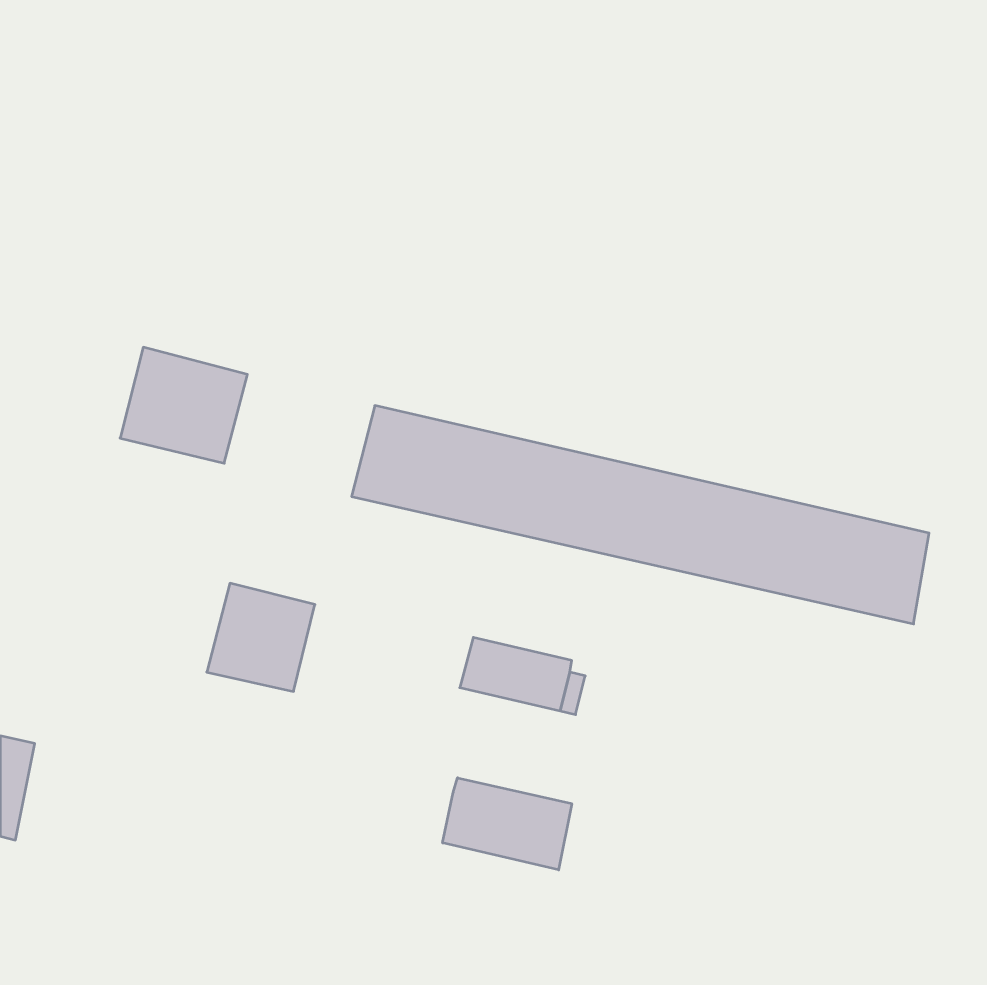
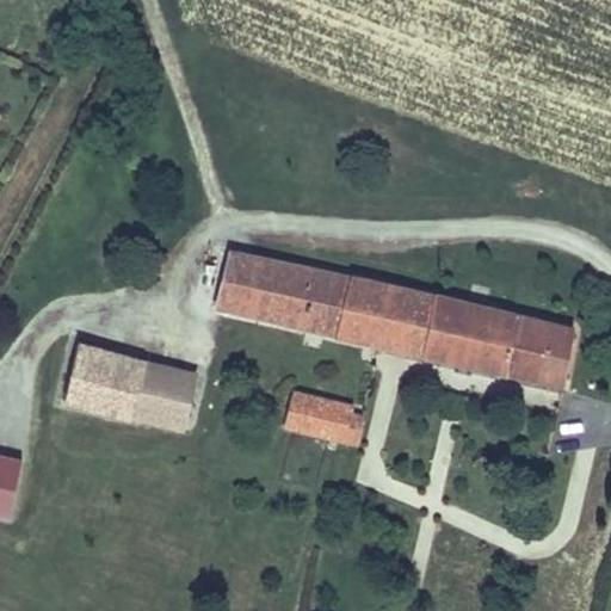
building: [120,347,247,463] -> [63,345,142,416]
building: [443,778,572,870] -> none

